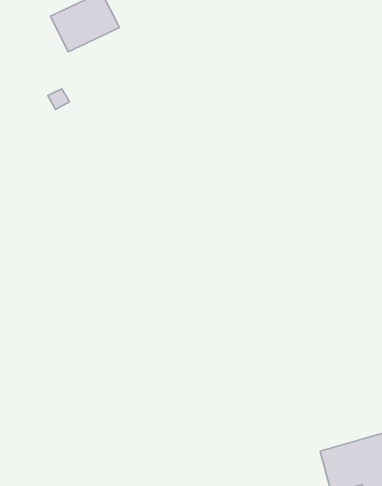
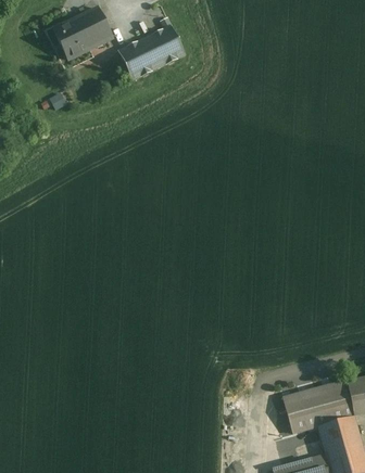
building: none -> [117,25,185,79]

